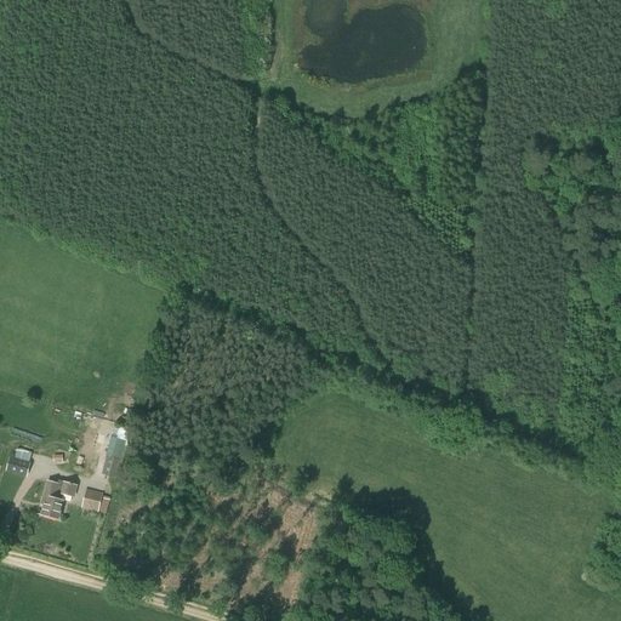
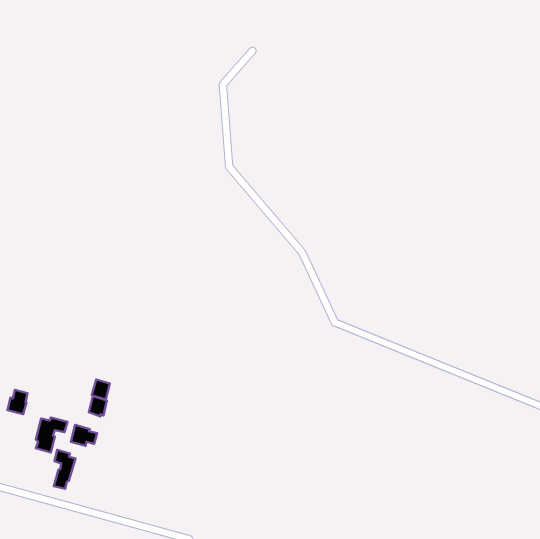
building: none -> [54,450,75,489]

